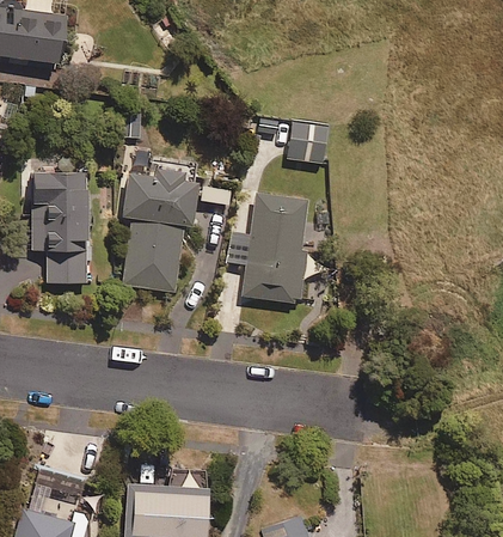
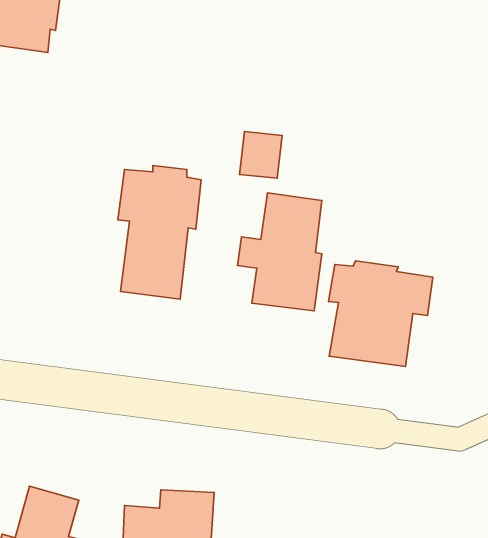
building: [288,121,327,164] -> [239,132,282,178]
building: [23,164,90,285] -> none
building: none -> [328,261,433,366]

